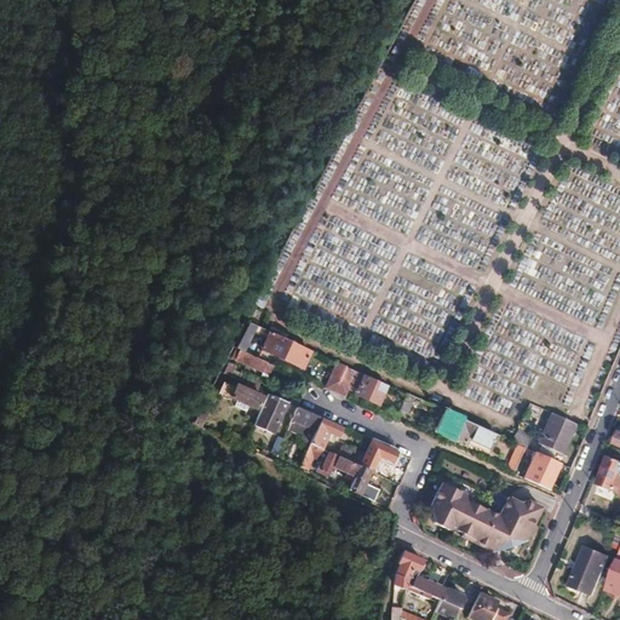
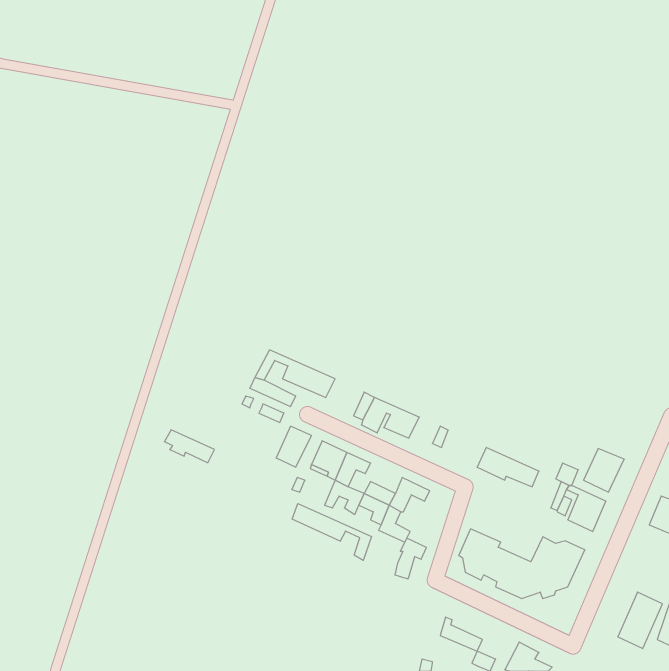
building: [217,377,263,407] -> [164,430,214,463]
building: none -> [292,504,371,560]
building: [395,551,424,589] -> [395,538,426,579]

